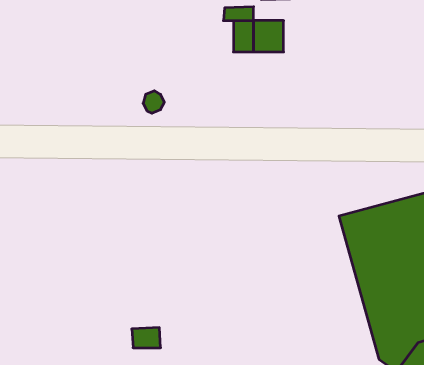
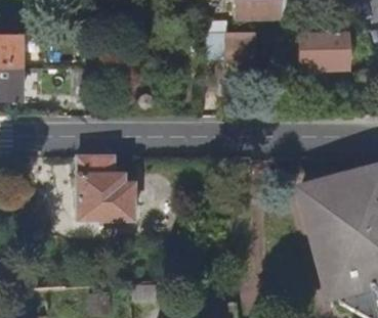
building: none -> [301,33,346,70]
building: none -> [77,157,132,219]

